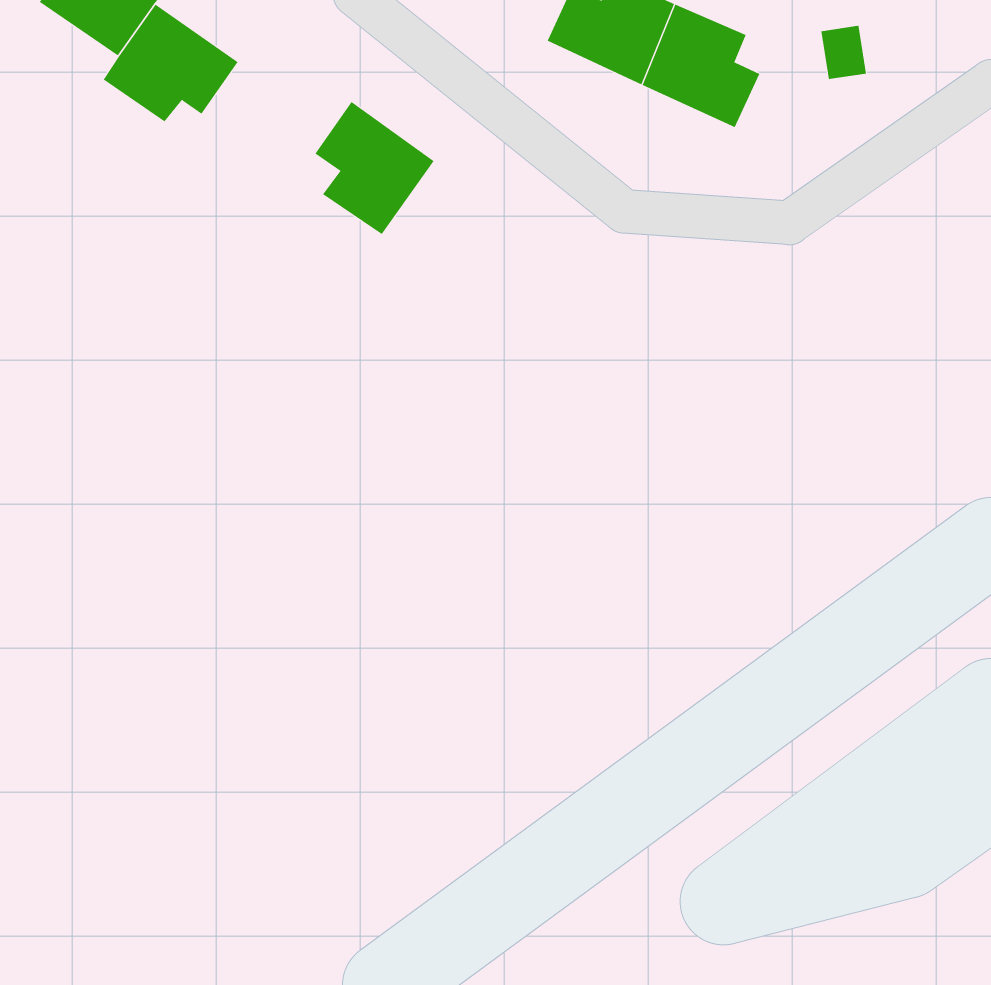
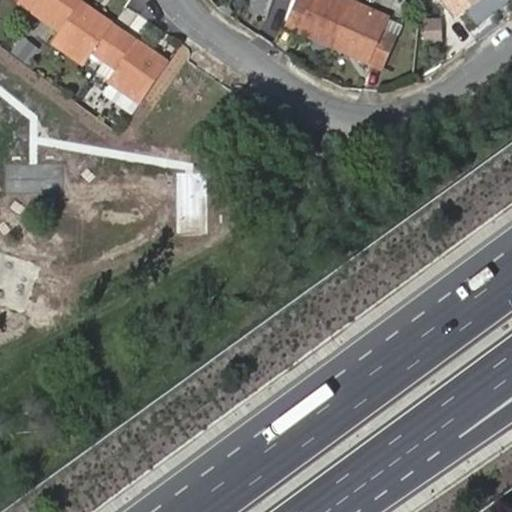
building: [314,101,435,235] -> [104,32,166,101]

